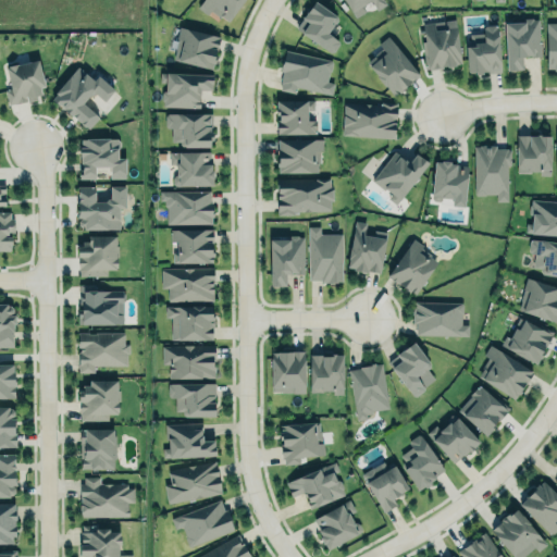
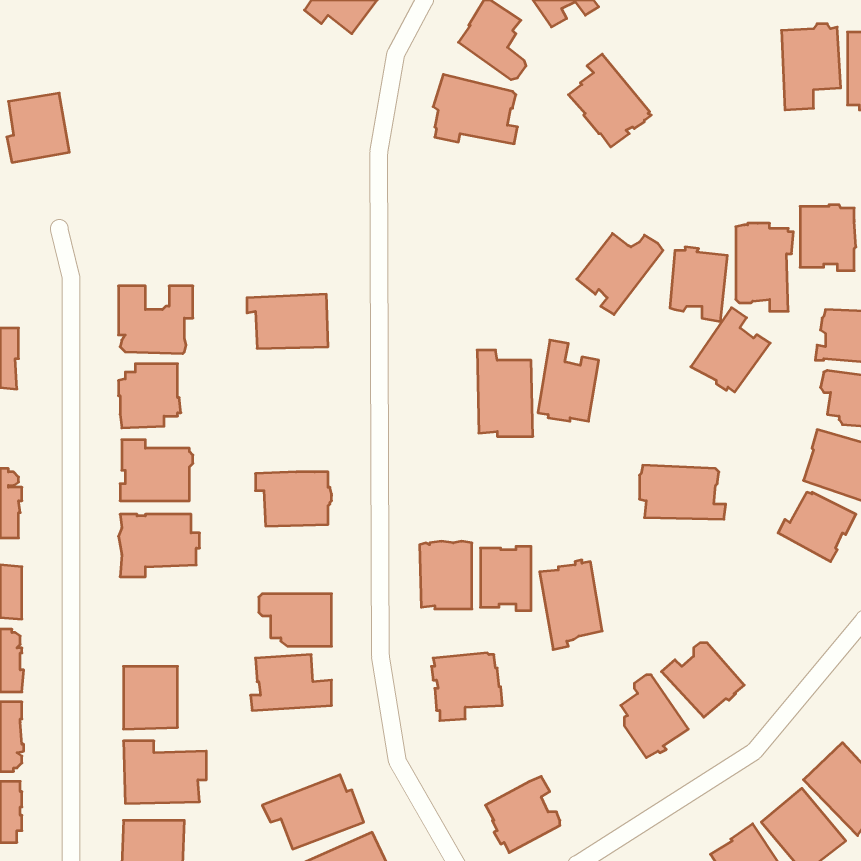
building: [421,21,461,71] -> none
building: [175,25,223,70] -> none
building: [467,26,503,75] -> none
building: [52,65,116,129] -> none
building: [161,73,213,109] -> none
building: [277,101,319,136] -> none
building: [343,102,398,140] -> none
building: [166,114,213,148] -> none
building: [81,138,127,178] -> none
building: [278,140,322,175] -> none
building: [171,152,214,186] -> none
building: [278,180,334,216] -> none
building: [172,228,215,264] -> none
building: [272,236,305,286] -> none
building: [388,239,440,294] -> [691,308,770,392]
building: [162,269,215,304] -> none
building: [389,343,432,397] -> none
building: [480,345,534,399] -> none
building: [163,346,214,380] -> none
building: [79,381,120,421] -> none
building: [457,383,512,437] -> none
building: [362,461,409,513] -> none
building: [165,462,224,506] -> none
building: [287,466,346,509] -> none

